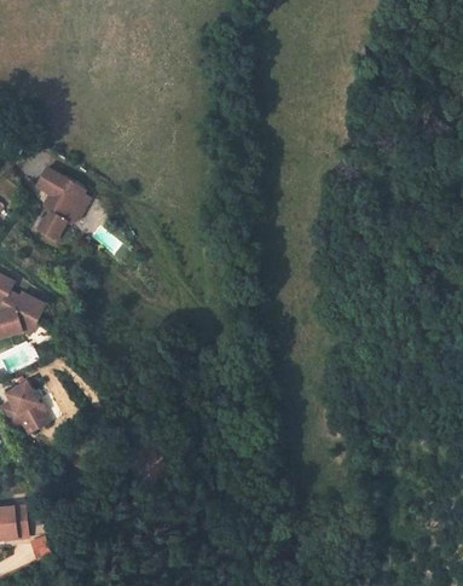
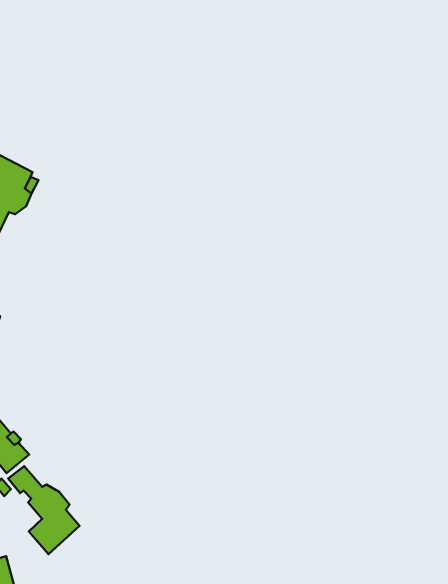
building: none -> [8,466,80,554]

